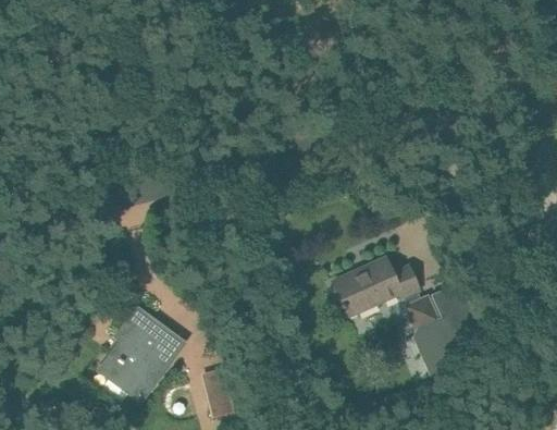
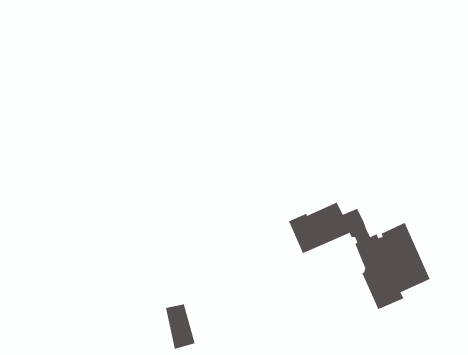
building: [99,306,188,403] -> none

